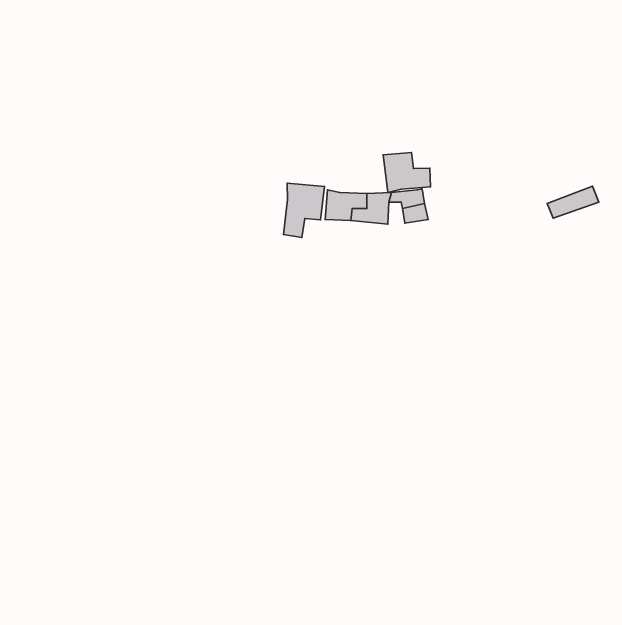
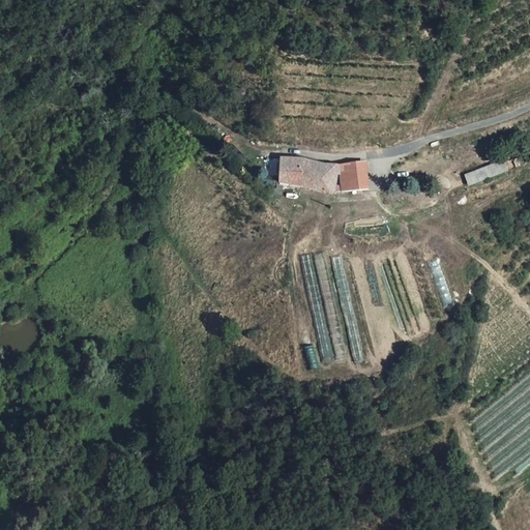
building: [383,153,431,193] -> none
building: [283,183,325,237] -> none

